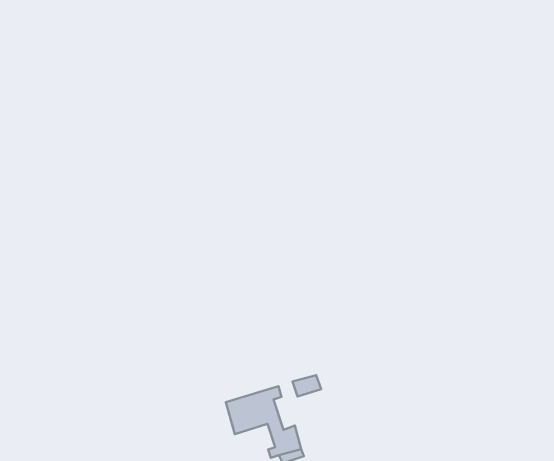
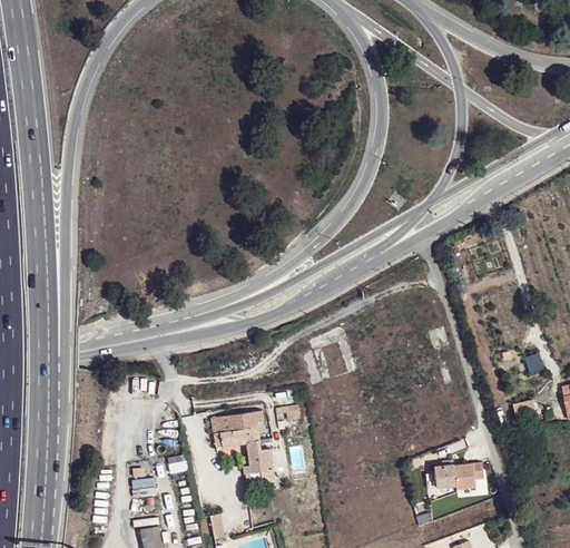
building: none -> [435,464,484,489]

